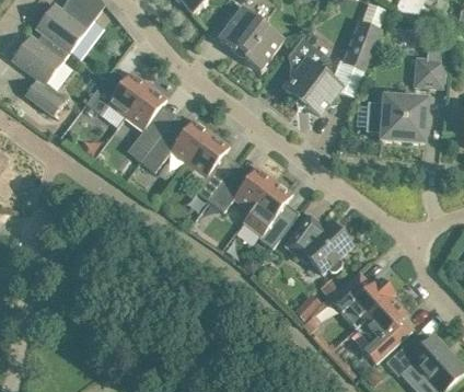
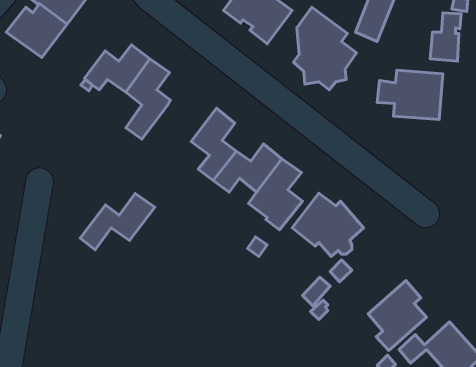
building: [25,80,66,115] -> none
building: [140,118,211,172] -> [80,193,155,250]
building: [329,275,395,327] -> none

